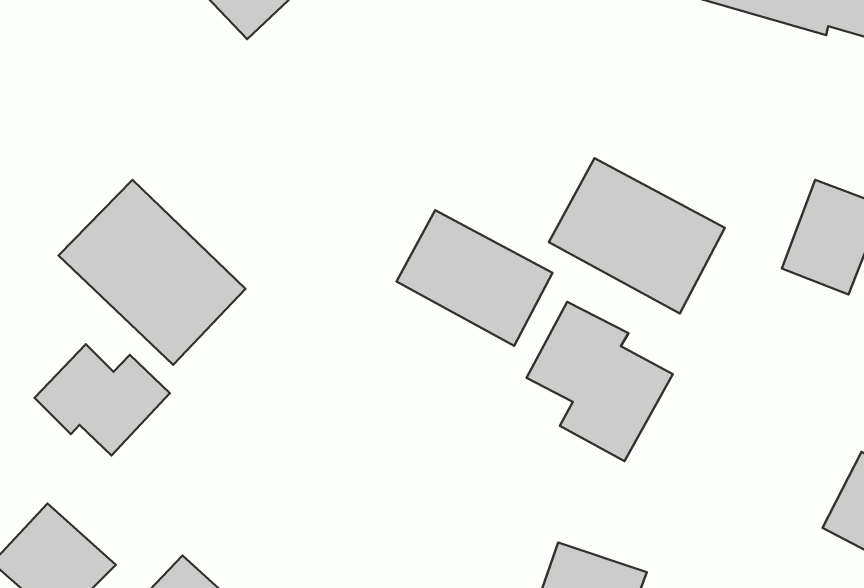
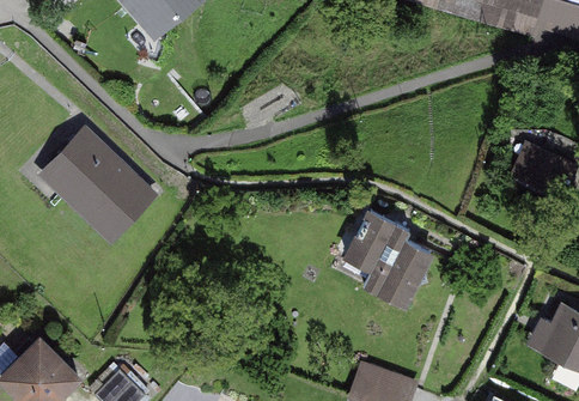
building: [549,158,725,313] -> none
building: [396,210,553,346] -> none
building: [34,344,170,455] -> none

